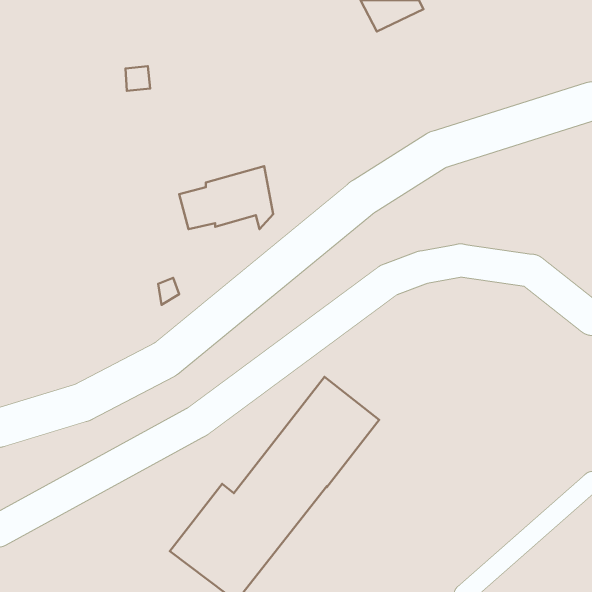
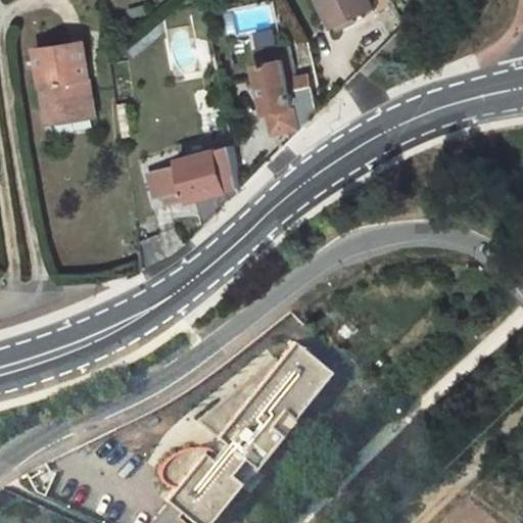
building: none -> [37,50,94,130]
building: none -> [256,51,312,138]

